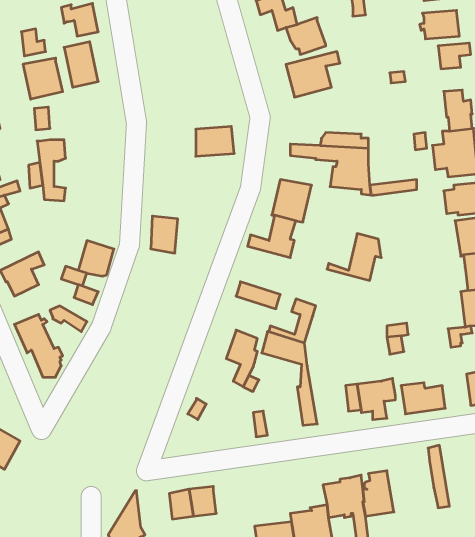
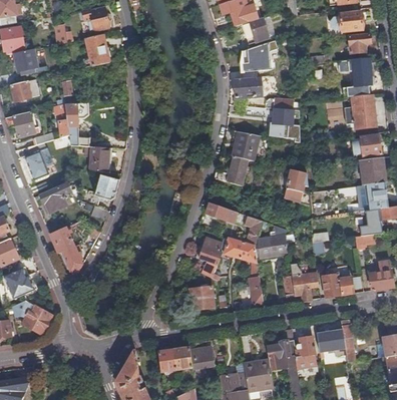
building: [23,58,63,99] -> none
building: [196,126,234,156] -> [235,76,262,97]
building: [151,216,178,253] -> [90,145,109,171]
building: none -> [255,233,287,262]
building: none -> [188,286,214,309]
building: none -> [317,329,345,352]
building: none -> [189,346,214,377]

